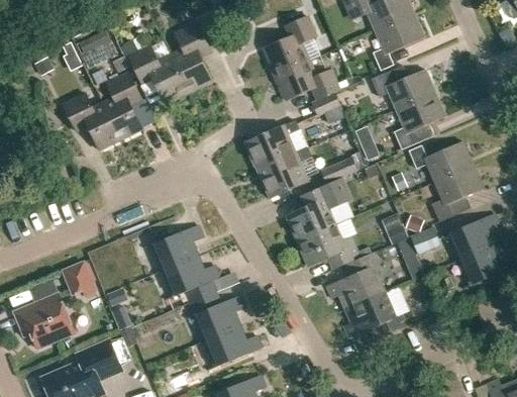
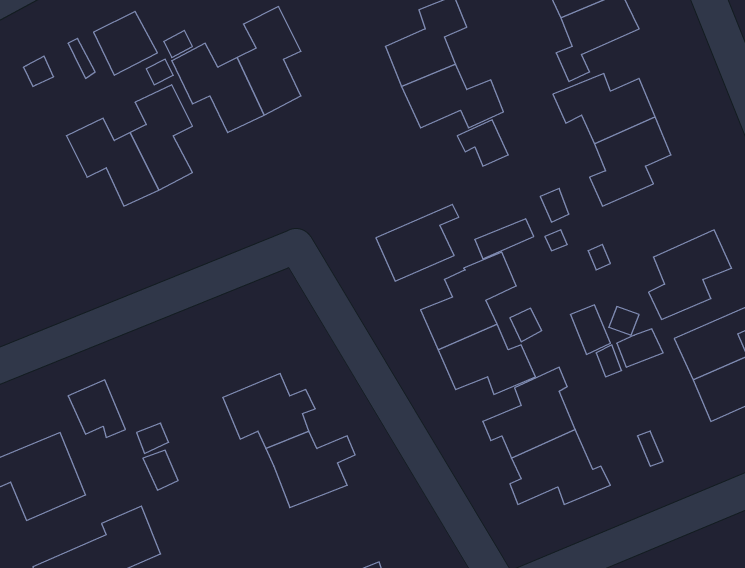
building: [246,120,307,170] -> none
building: [409,141,473,182] -> none
building: [151,225,203,271] -> none
building: [204,326,262,367] -> none

